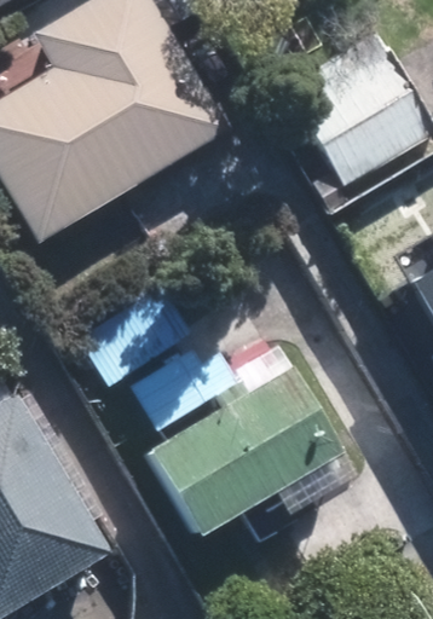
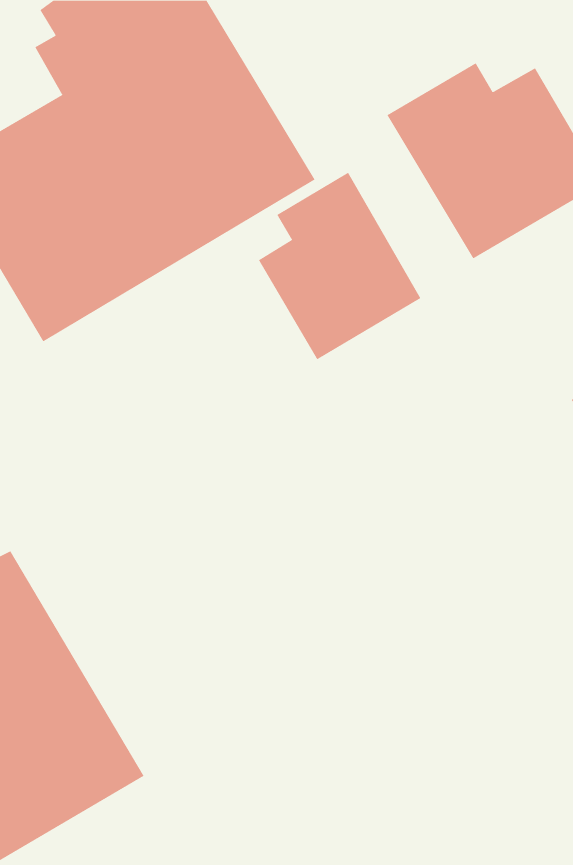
building: none -> [258,172,421,360]
building: [146,365,339,536] -> none

